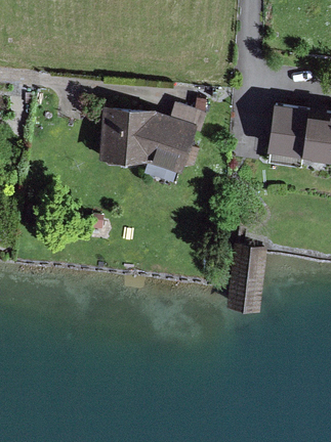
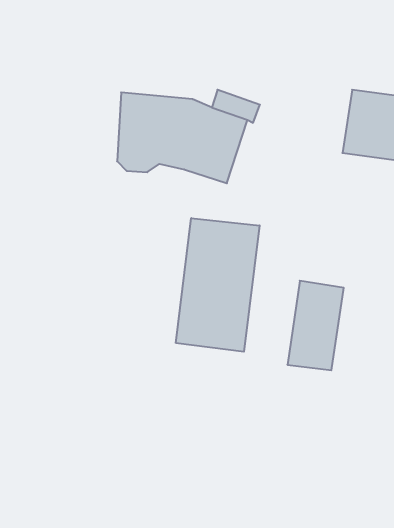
building: none -> [176,218,260,352]

